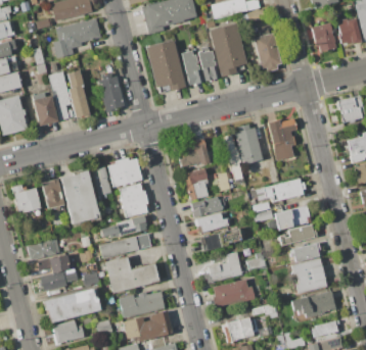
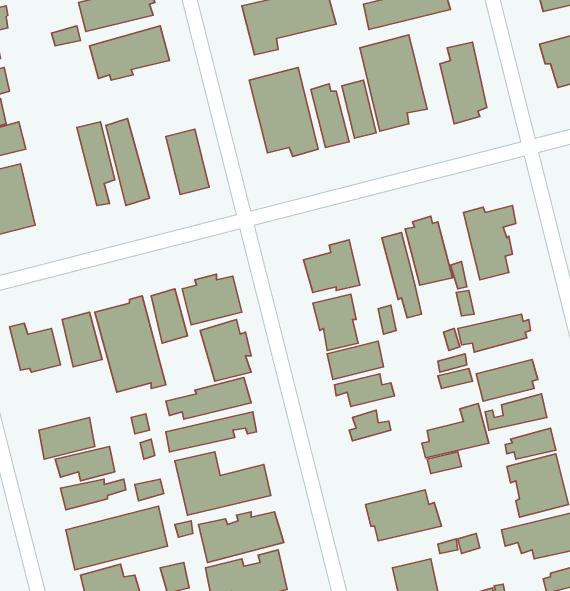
building: [34,95,59,126] -> none
building: [205,252,243,283] -> [422,403,489,458]

